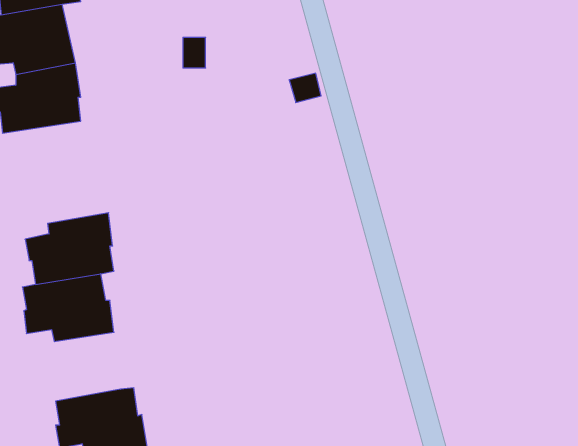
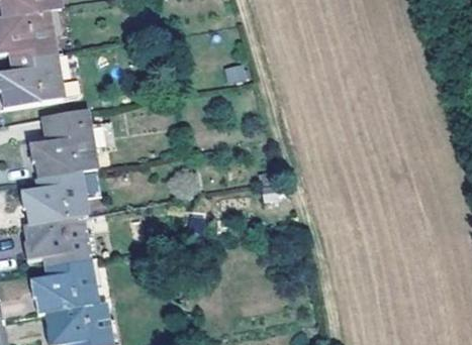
building: none -> [32,106,99,176]
building: none -> [26,258,95,312]

